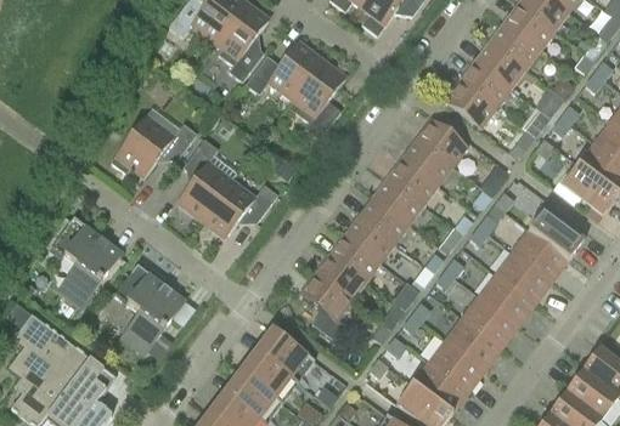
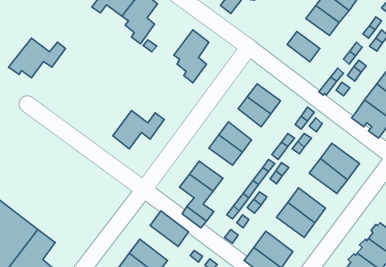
building: [269,42,320,97] -> none
building: [475,42,524,87] -> none
building: [445,81,495,126] -> none
building: [111,117,196,176] -> [9,38,66,78]
building: [416,120,466,165] -> none
building: [177,138,229,217] -> none
building: [373,177,422,223] -> none
building: [528,208,584,259] -> none
building: [51,217,122,307] -> none
building: [329,235,379,280] -> none
building: [114,265,185,354] -> none
building: [478,273,535,325] -> none
building: [429,339,486,390] -> none
building: [241,351,298,403] -> none

